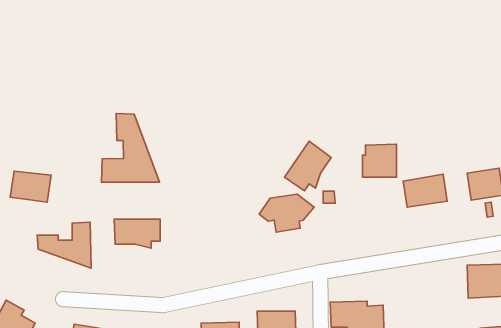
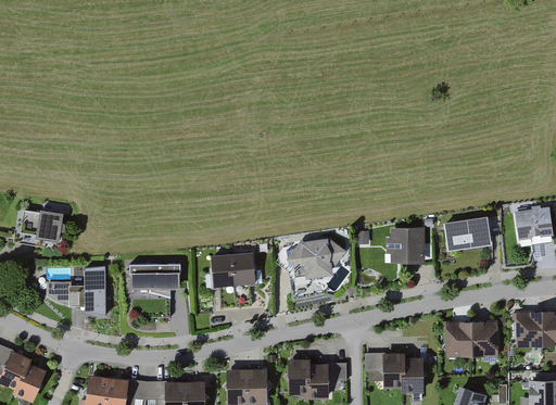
building: [101,113,159,182] -> none
building: [284,141,331,191] -> none
building: [362,144,396,177] -> [387,228,424,264]
building: none -> [212,251,255,284]
building: none -> [444,321,498,358]

